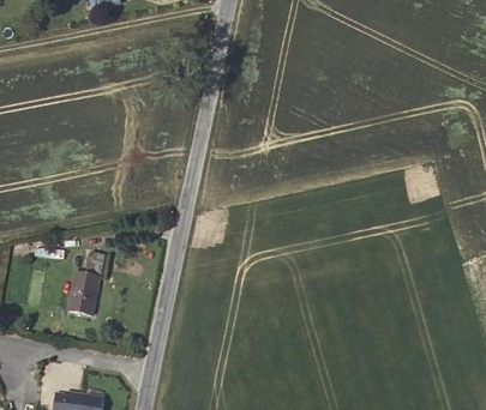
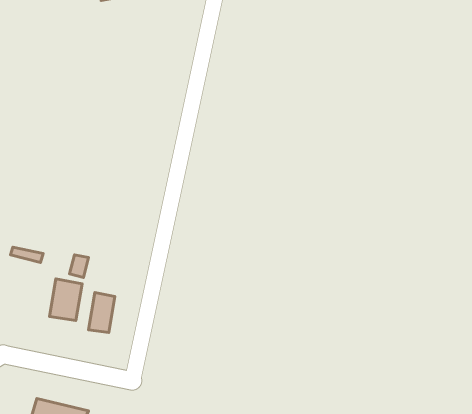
building: none -> [88,292,115,332]

